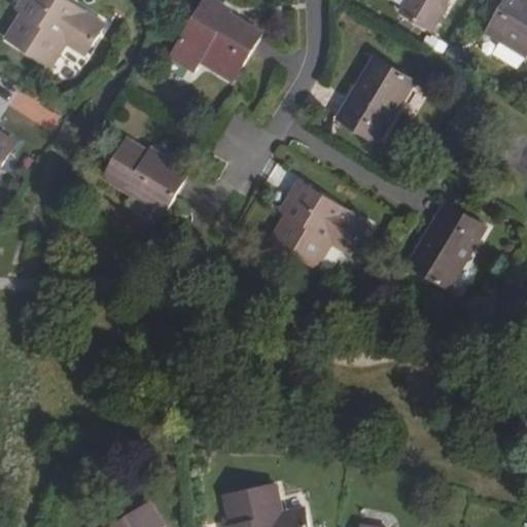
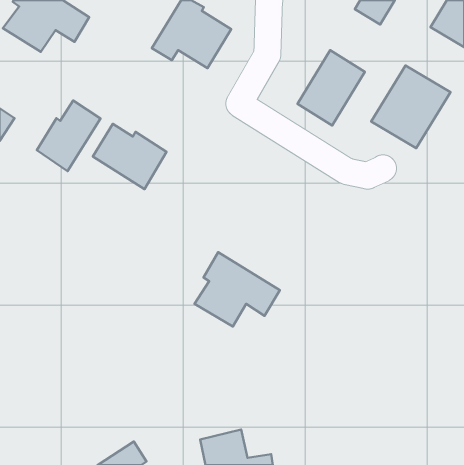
building: none -> [371,66,450,148]
building: none -> [37,100,101,171]
building: [271,181,367,266] -> [194,252,280,327]
building: [409,204,484,286] -> none

